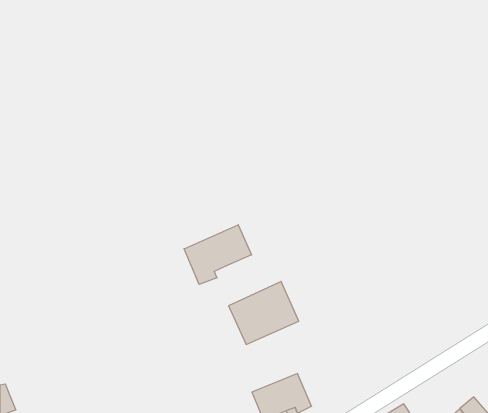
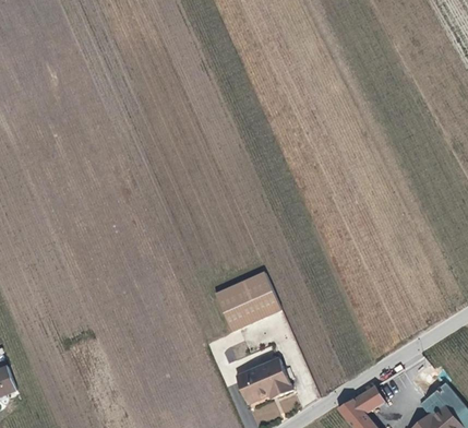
building: [184,225,252,284] -> none

